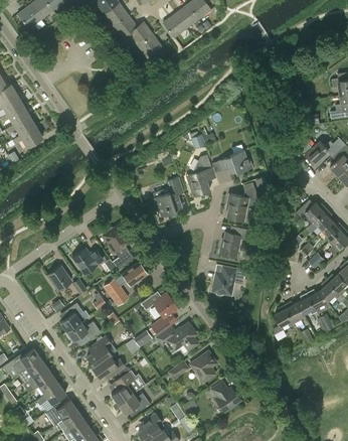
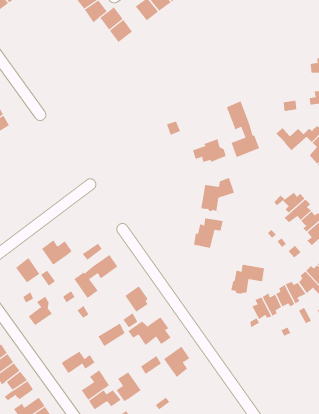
building: none -> [226,101,260,158]
building: [186,156,214,198] -> none
building: [154,177,184,217] -> none
building: [103,226,130,253] -> none
building: [211,267,244,296] -> [231,264,265,294]
building: [66,320,101,341] -> none
building: [86,336,111,366] -> none
building: none -> [116,372,142,402]
building: [211,382,240,413] -> none

